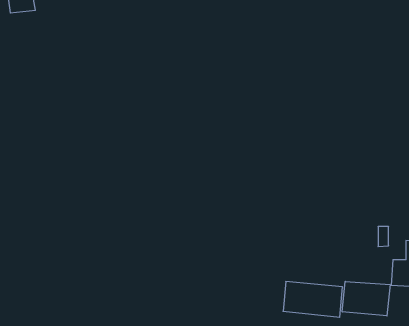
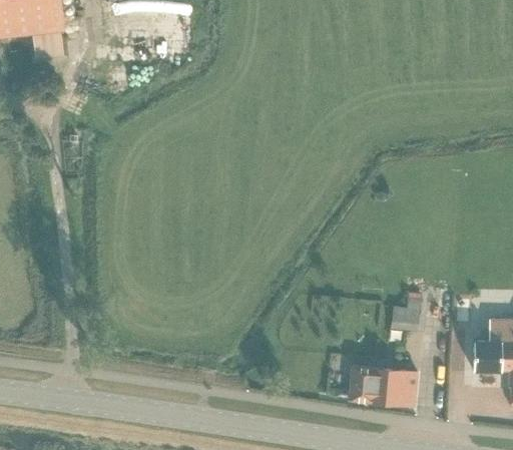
building: none -> [391,298,421,327]
building: [342,281,390,316] -> none

